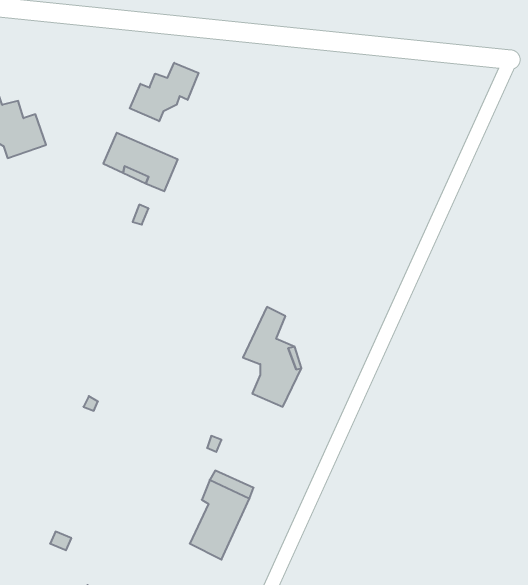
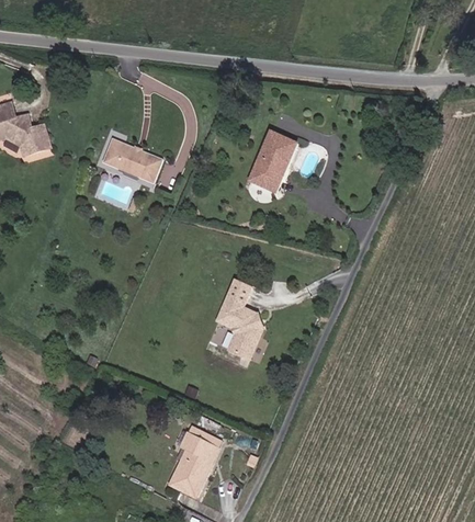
building: [130,63,199,121] -> none
building: none -> [247,132,296,192]

